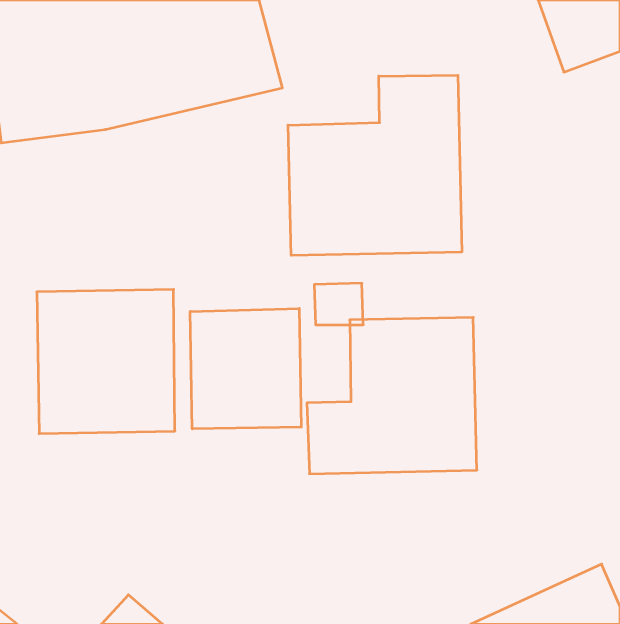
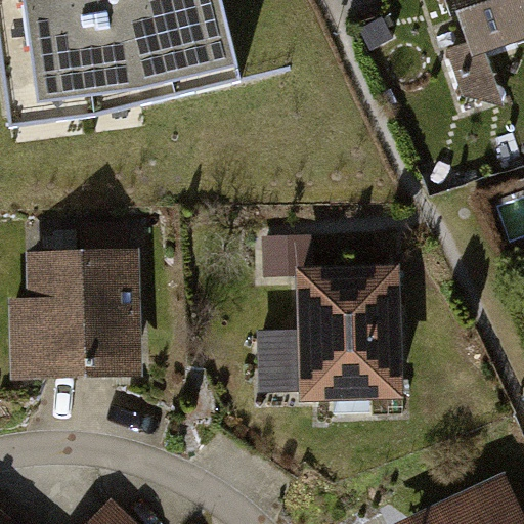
building: [288,75,462,255] -> none
building: [190,308,301,429] -> none

